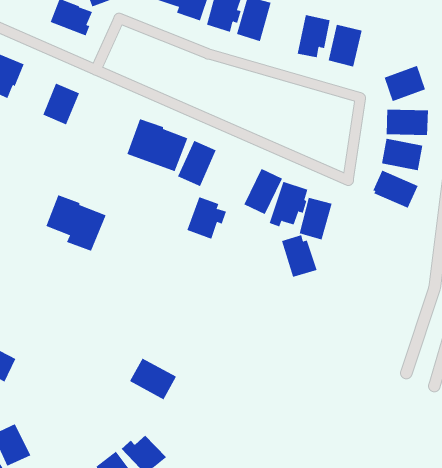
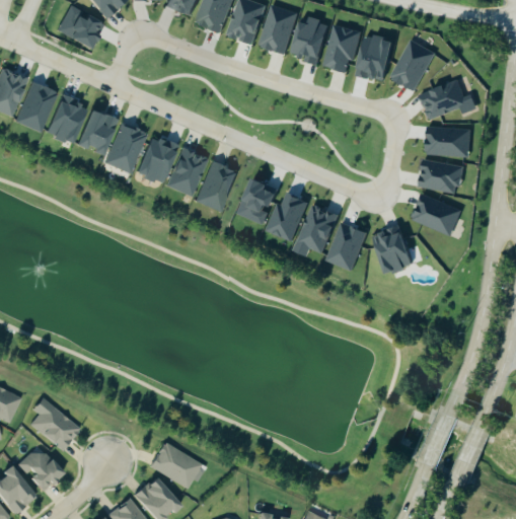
building: none -> [294,18,334,64]
building: none -> [390,40,433,89]
building: none -> [15,81,58,132]
building: [46,194,106,252] -> [81,110,147,172]
building: [187,196,227,239] -> [237,177,281,224]
building: [281,234,318,277] -> [375,227,415,274]
building: [129,358,177,400] -> [149,442,201,488]
building: none -> [29,396,80,449]
building: none -> [14,450,68,491]

